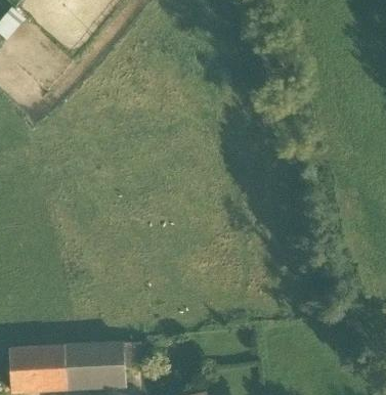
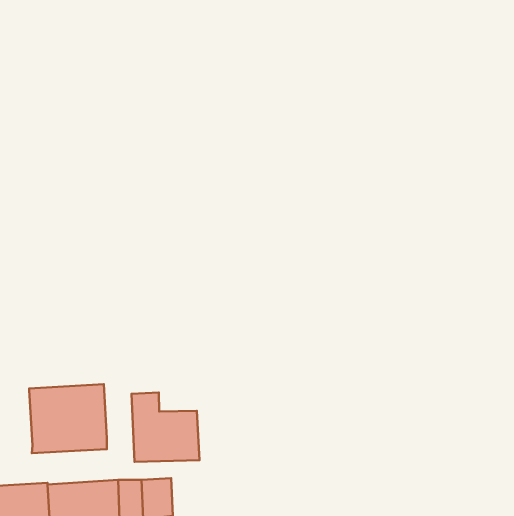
building: none -> [29,384,107,453]
building: none -> [132,392,199,462]

